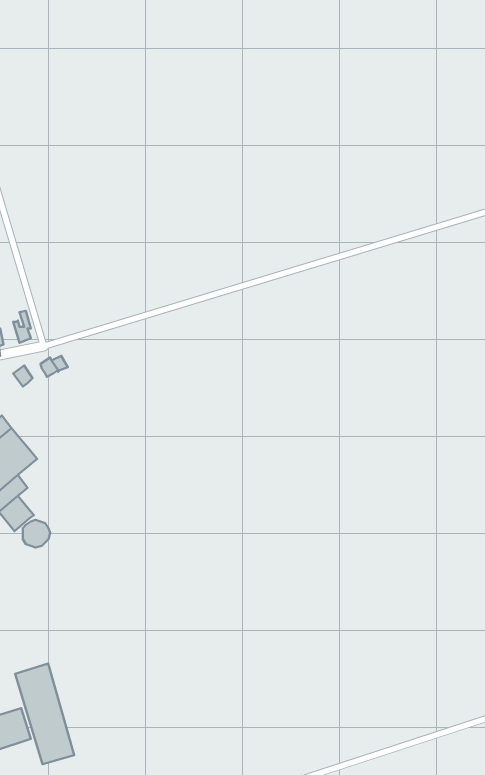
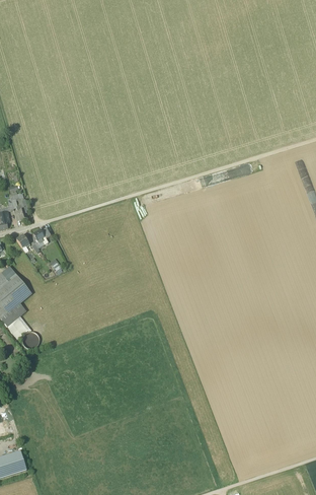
building: [15,664,74,764] -> none

